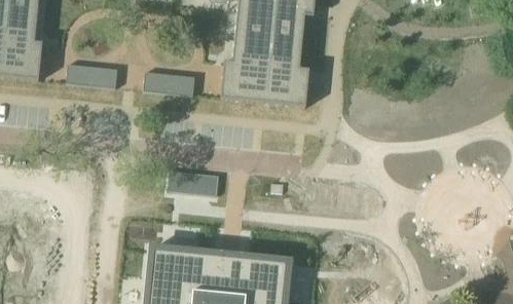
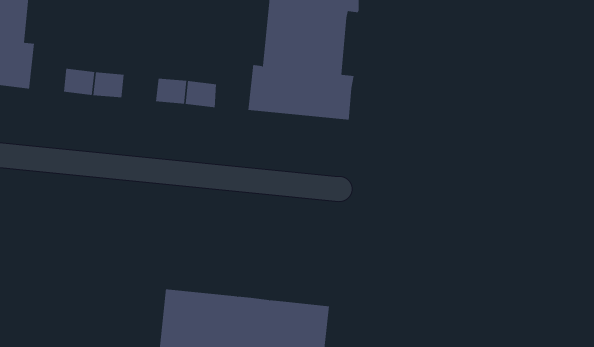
building: [167,170,218,196] -> none

